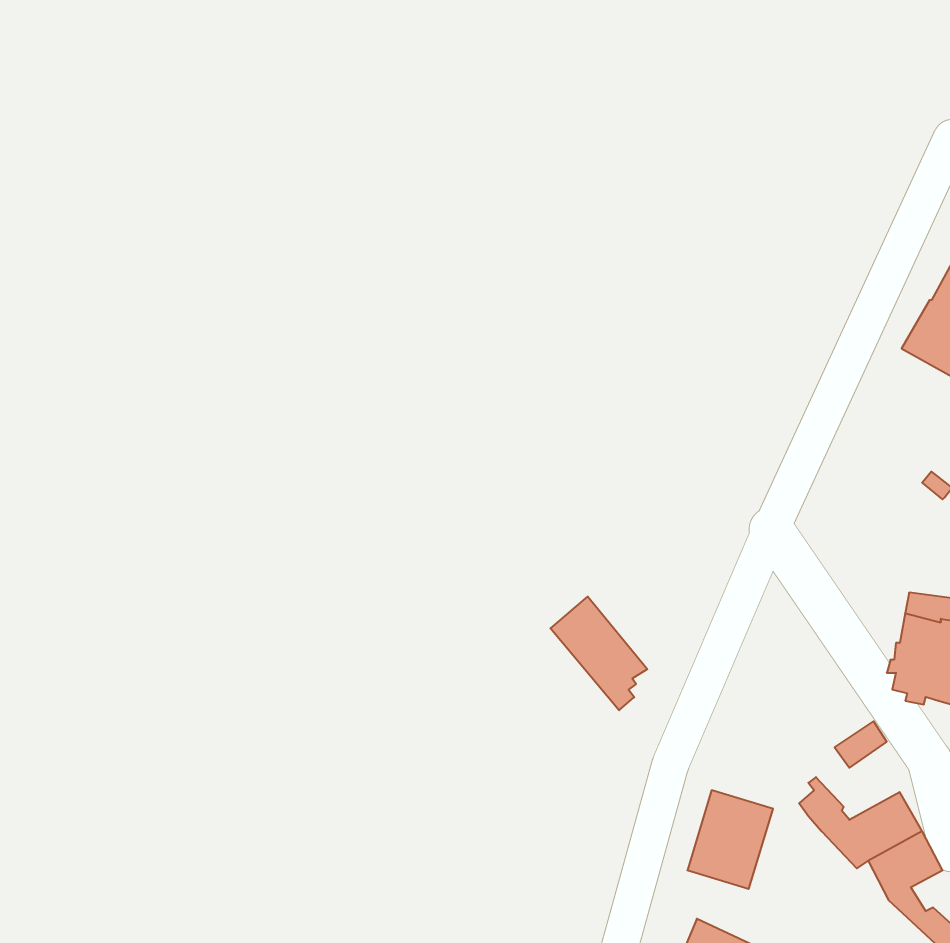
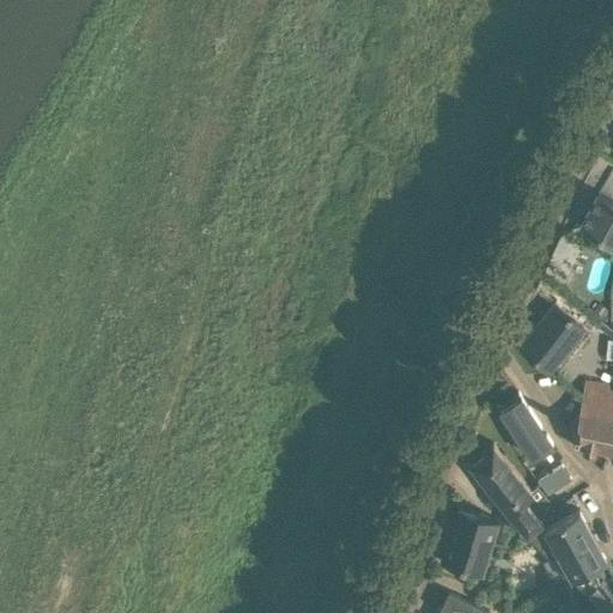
building: none -> [521,308,591,380]
building: [550,597,647,710] -> [471,449,533,522]
building: none -> [500,401,554,463]

